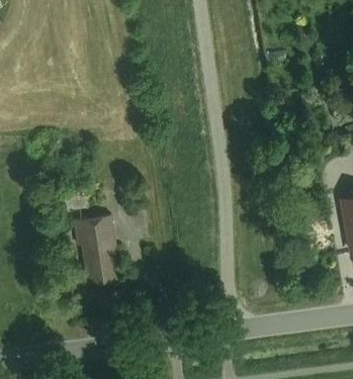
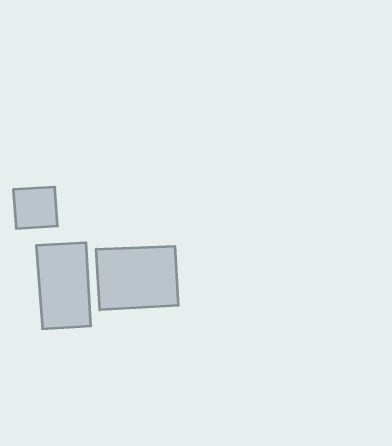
building: none -> [96,246,178,310]

